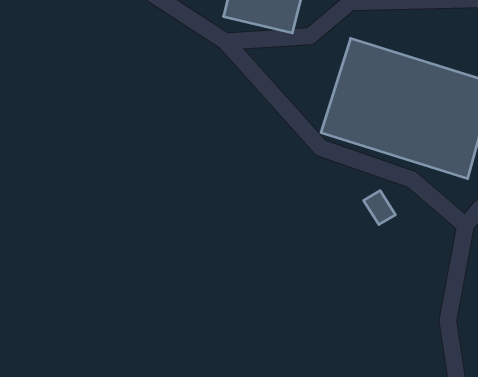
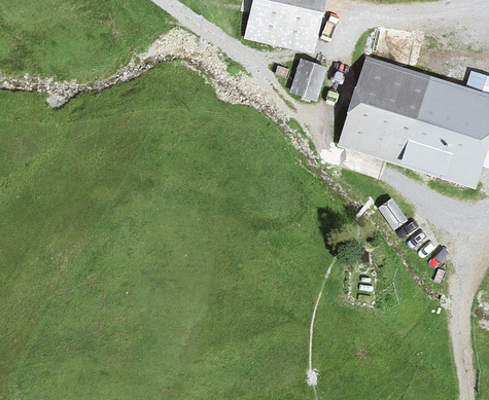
building: none -> [289,59,326,100]

